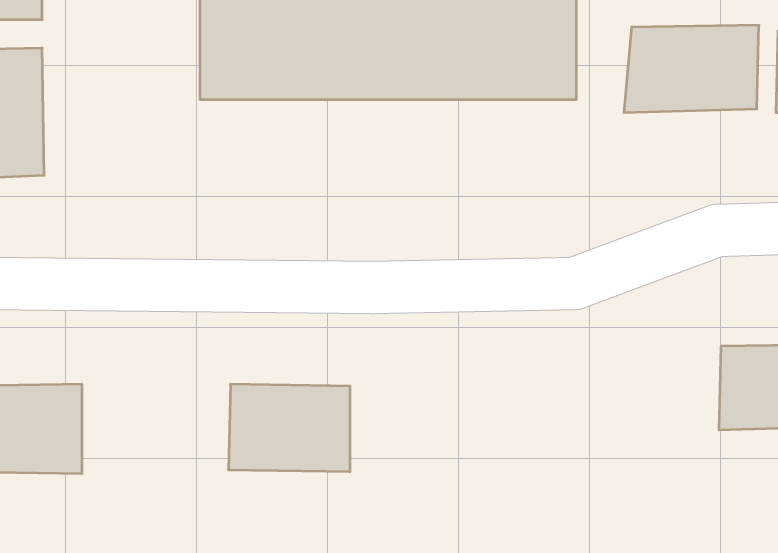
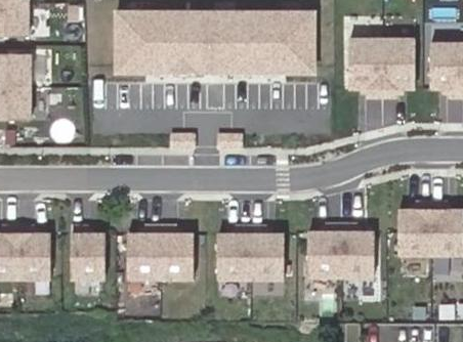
building: none -> [67,230,107,281]
building: none -> [302,230,374,279]
building: none -> [213,232,284,280]

